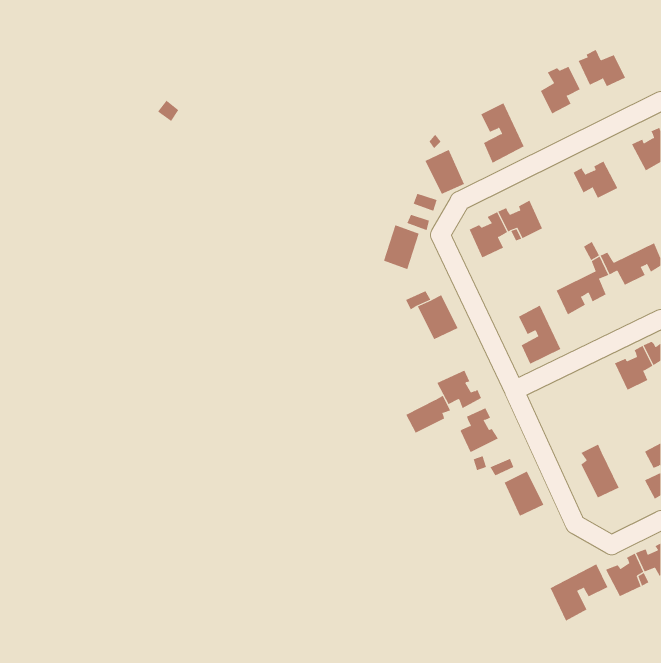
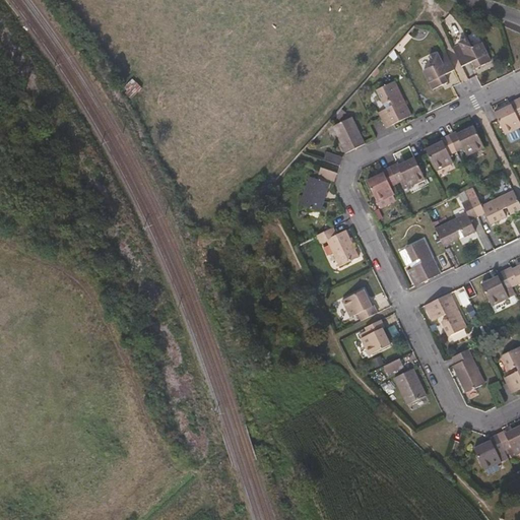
building: none -> [425,135,456,171]
building: none -> [424,292,465,336]
building: [406,395,451,433] -> none
building: [550,564,608,622] -> none

